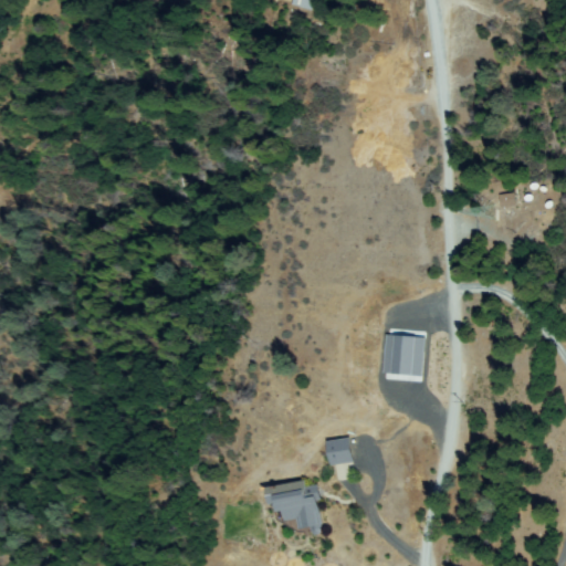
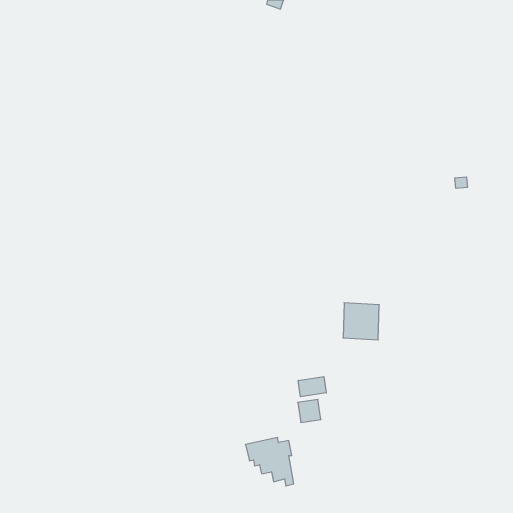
building: none -> [298,377,326,397]

